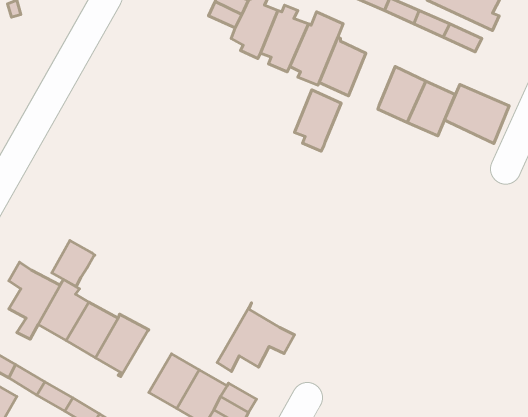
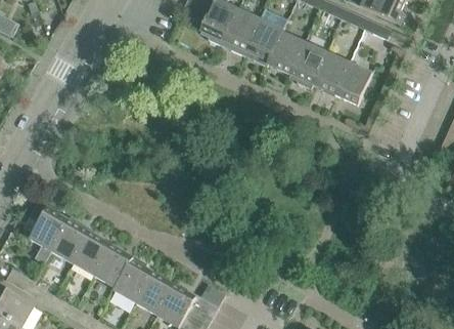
building: [444,84,509,143] -> none
building: [294,90,341,151] -> [289,42,325,89]
building: [52,240,95,287] -> none
building: [217,303,294,372] -> none
building: none -> [115,256,153,303]

